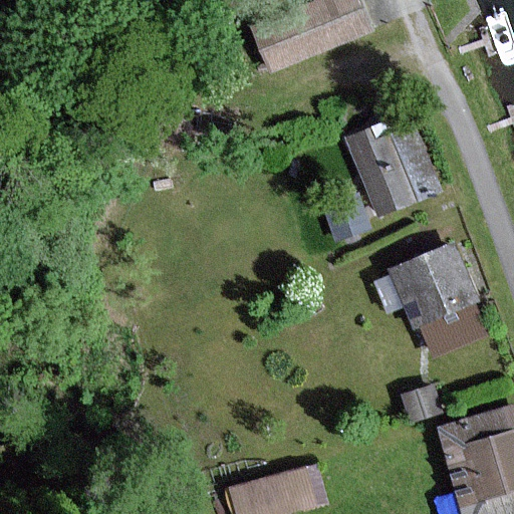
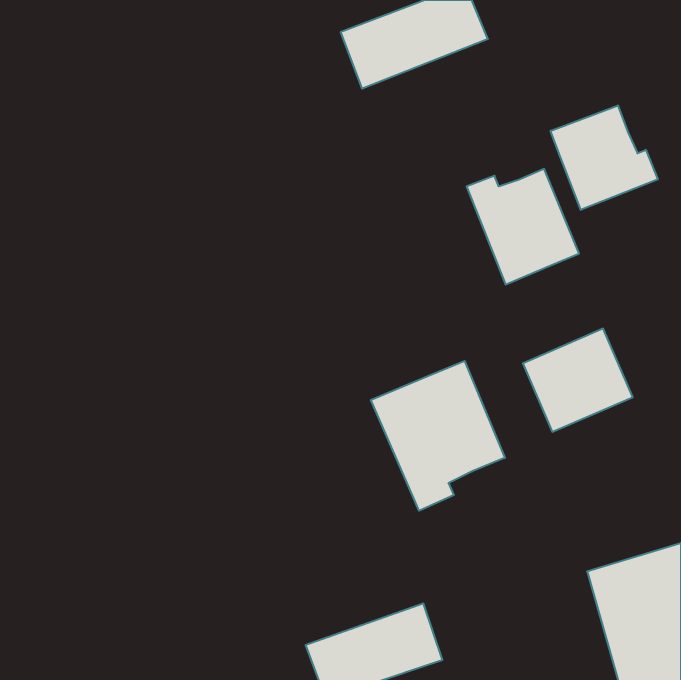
building: none -> [551,105,658,210]
building: none -> [371,361,505,511]

